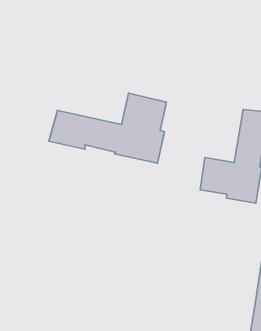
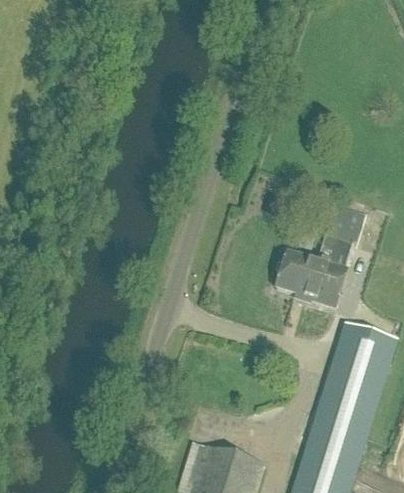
building: [49,93,167,163] -> none

